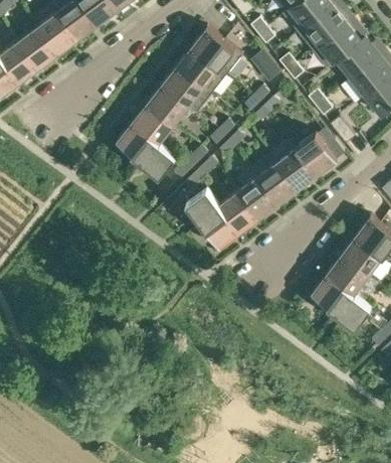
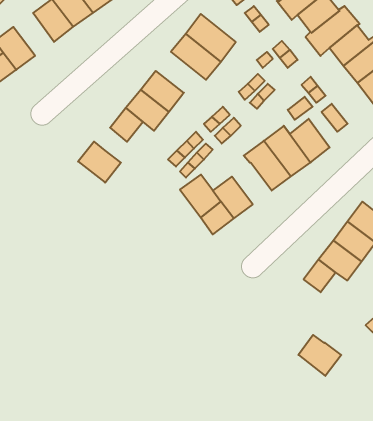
building: [17,25,58,68] -> none
building: [161,64,211,113] -> none
building: [132,135,175,176] -> [78,142,121,183]
building: [237,176,277,218] -> none
building: [327,287,370,328] -> [298,335,341,376]

